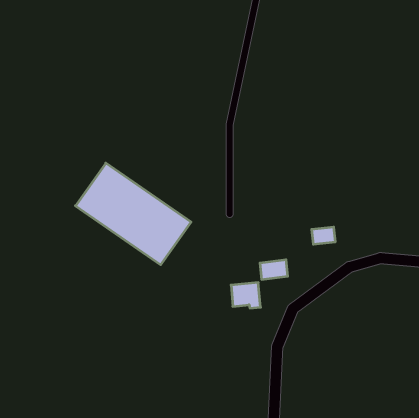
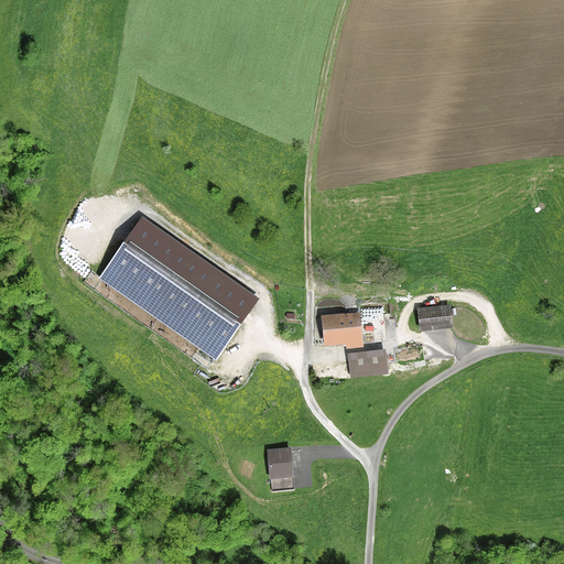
building: [231,283,261,308] -> [323,312,362,346]
building: none -> [269,447,293,489]

